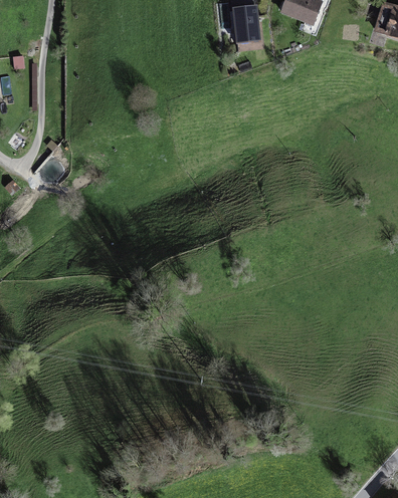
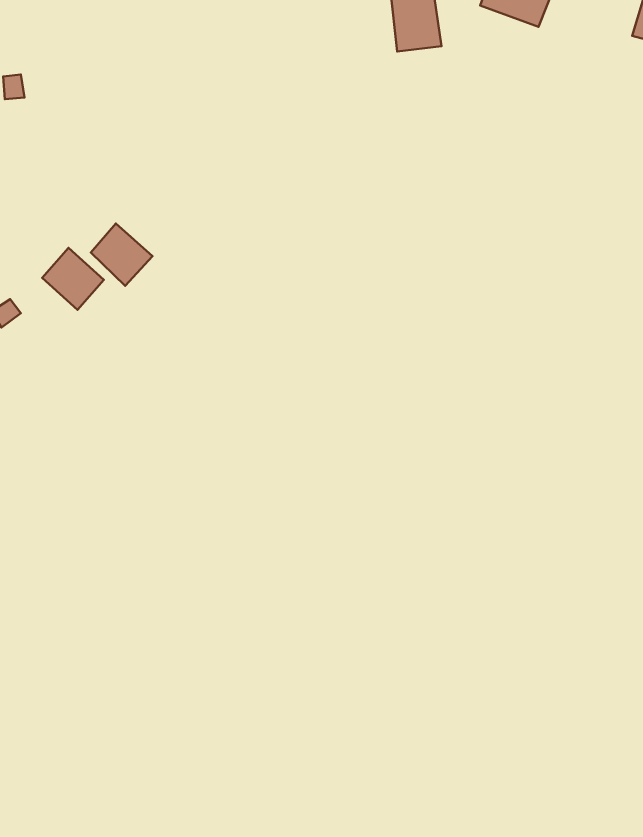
building: none -> [91,223,152,286]

